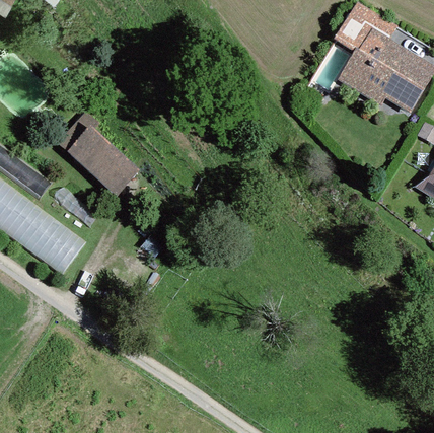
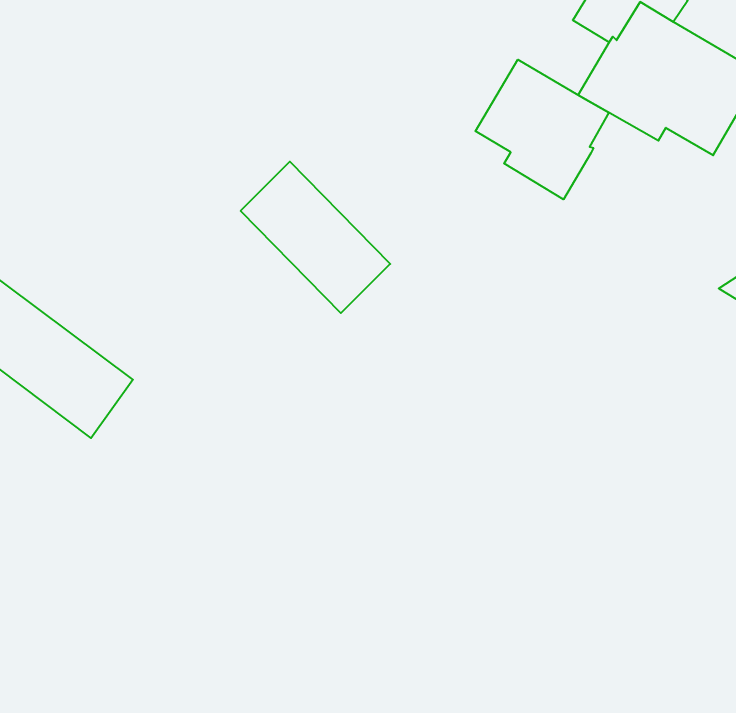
building: none -> [475,60,609,199]
building: [57,114,140,198] -> [241,162,390,313]

